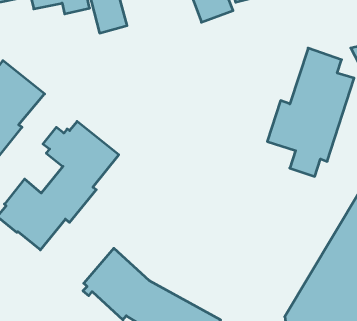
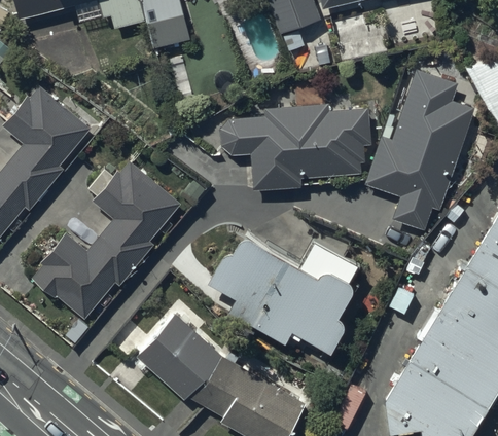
building: none -> [220,103,369,189]
building: none -> [211,240,357,356]

